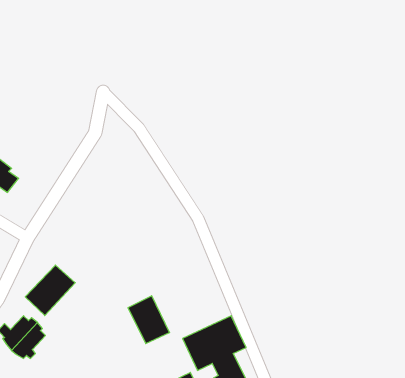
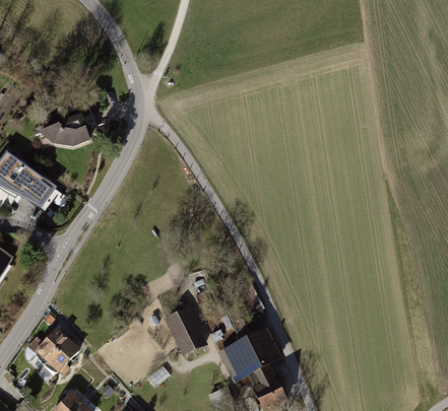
building: none -> [39,114,94,147]
building: [25,265,75,316] -> none

